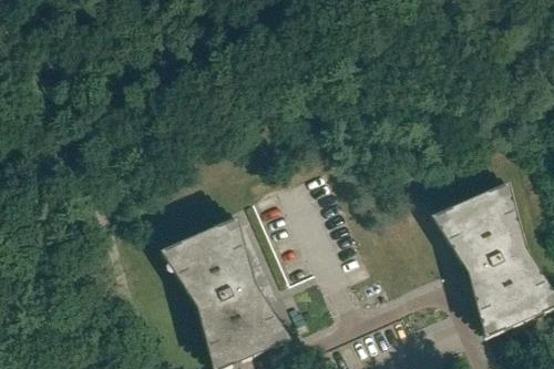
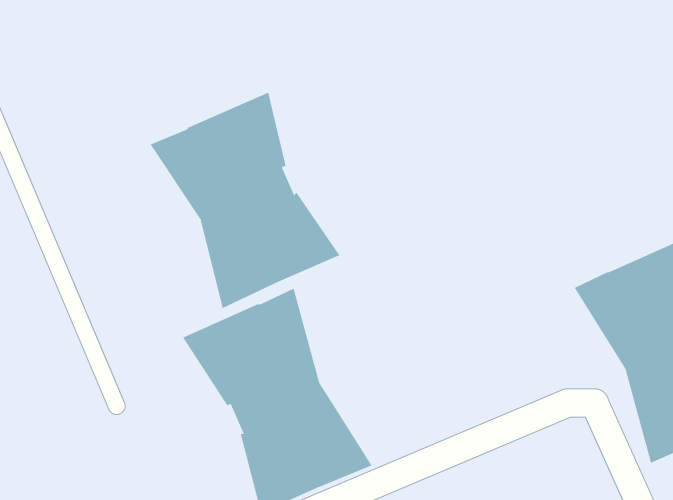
building: none -> [150,92,340,309]

